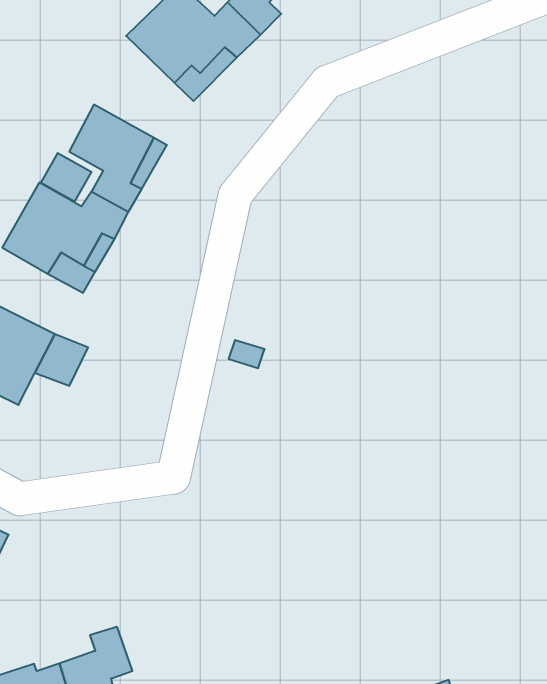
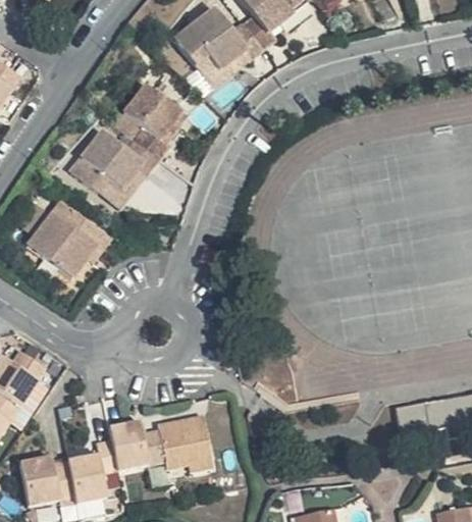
building: none -> [108,417,212,474]

